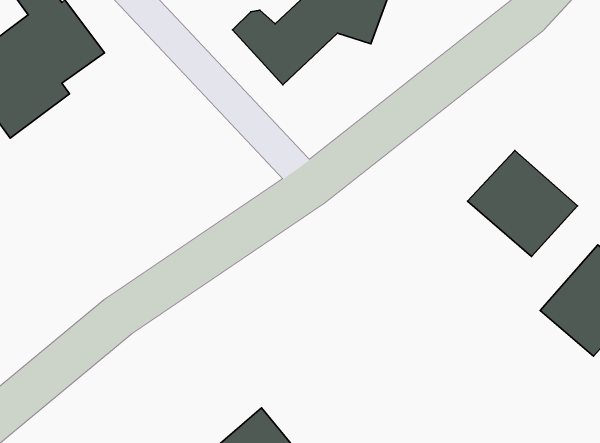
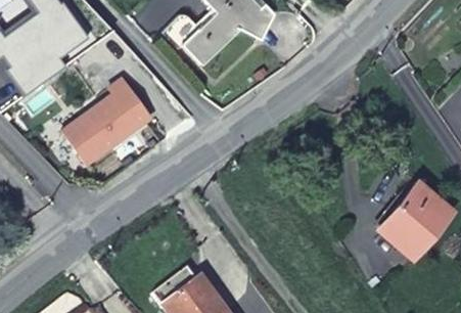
building: none -> [60,83,149,169]
building: [468,151,577,256] -> none

